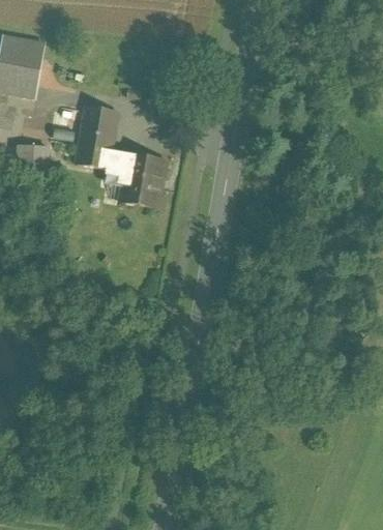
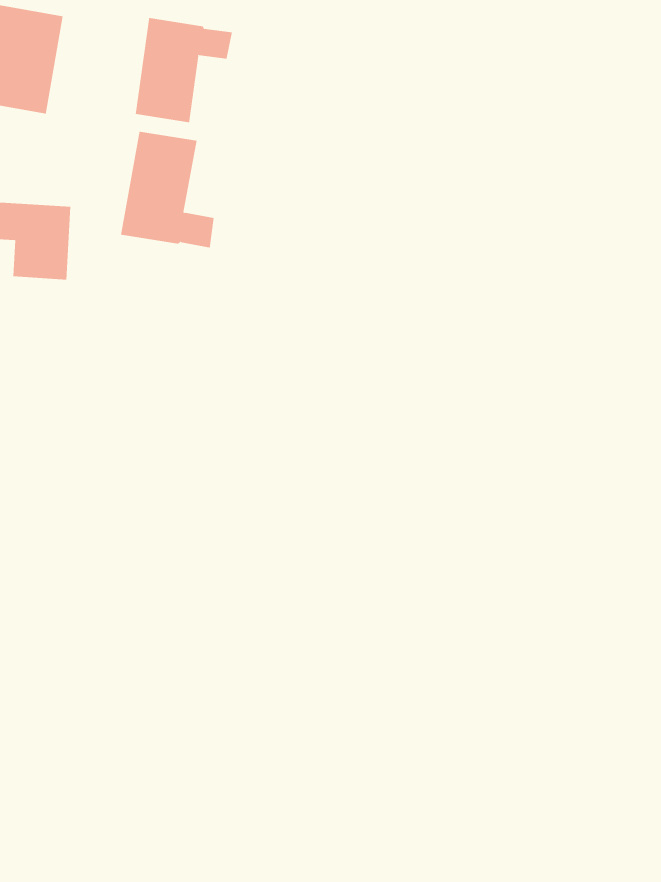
building: none -> [135,17,232,123]
building: [119,151,167,206] -> none

